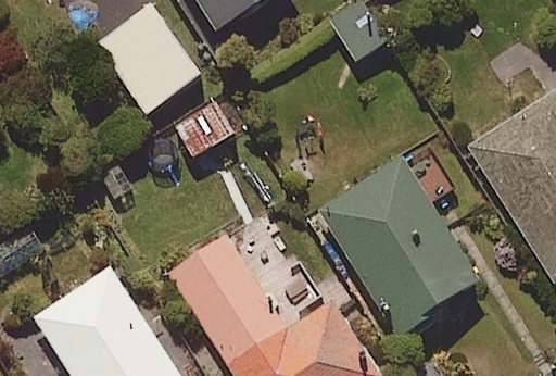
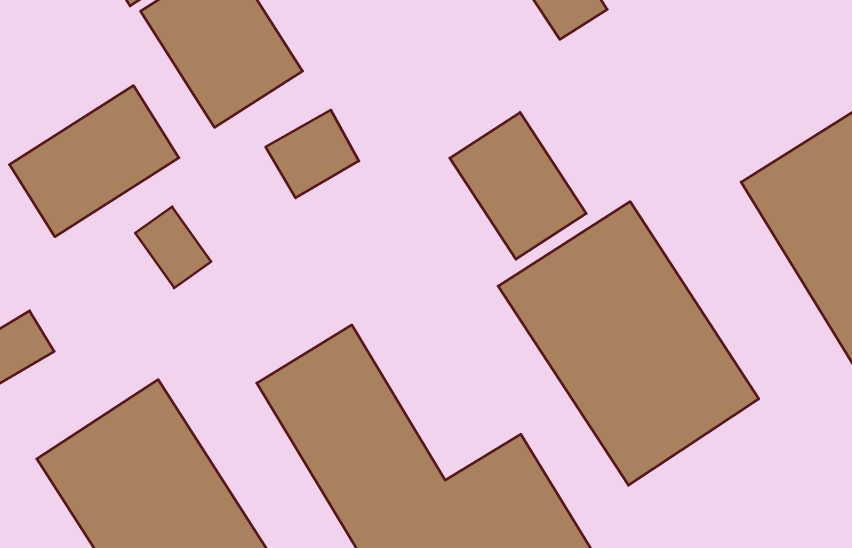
building: none -> [9,86,179,237]
building: none -> [450,112,586,259]

